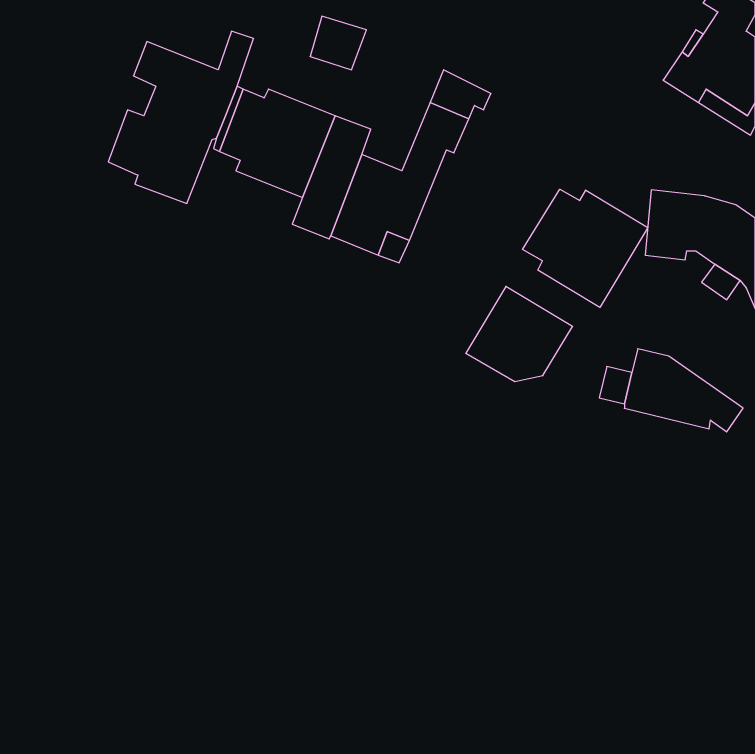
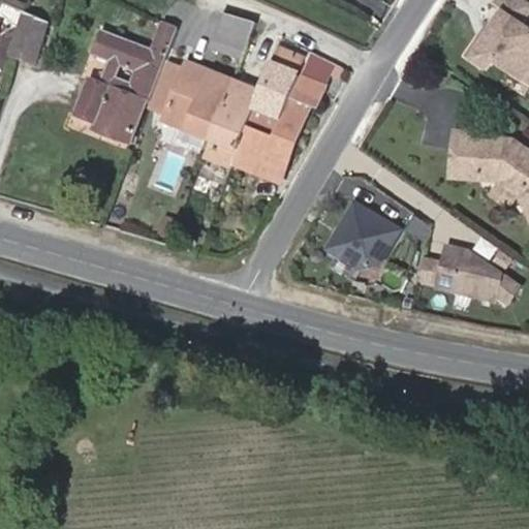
building: none -> [11,12,49,62]
building: none -> [252,60,300,119]
building: [523,189,648,307] -> none

